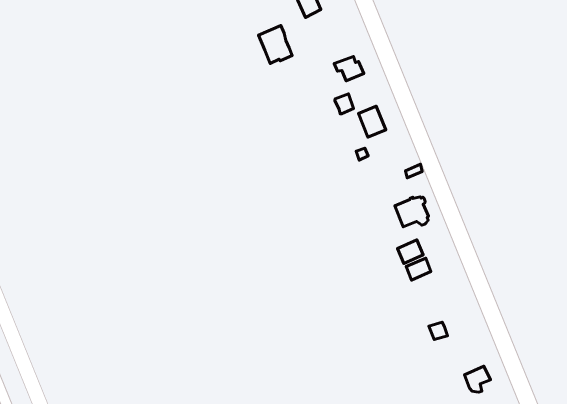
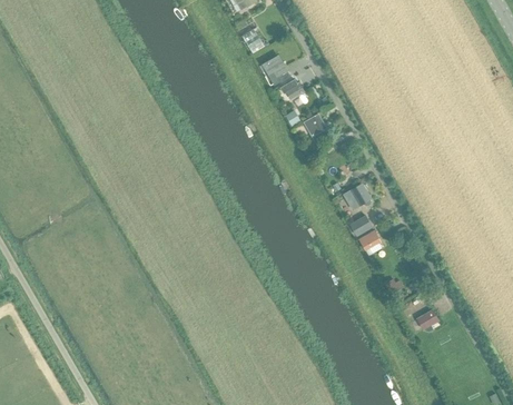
building: [259,26,292,64] -> [260,53,289,85]

